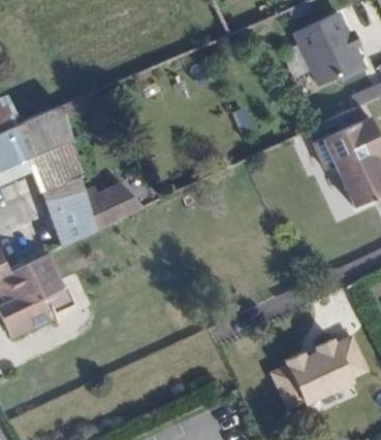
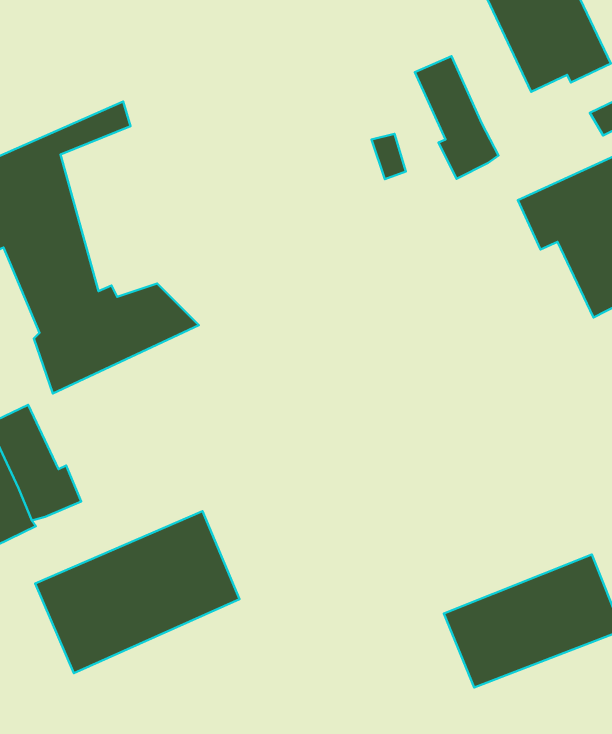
building: none -> [415,56,498,179]
building: none -> [35,511,240,673]

